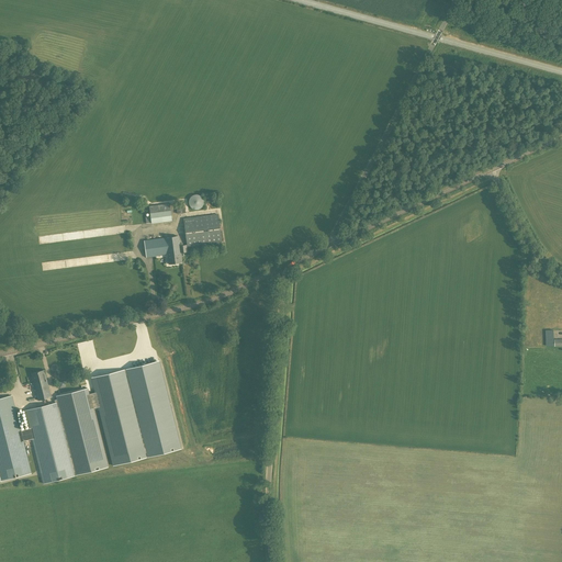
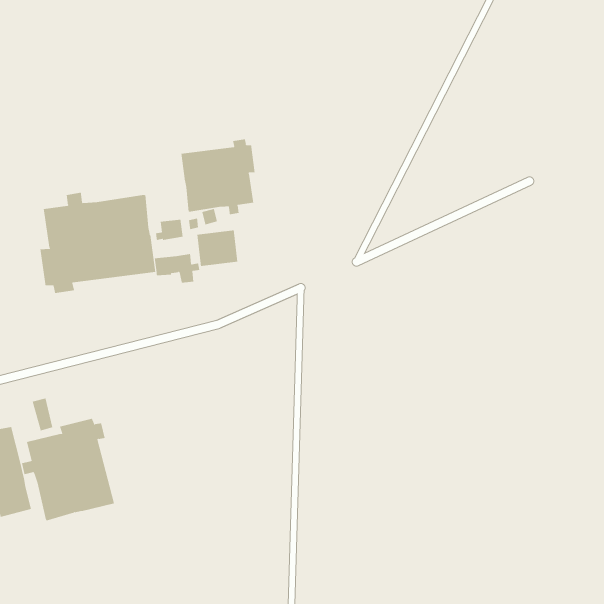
building: none -> [181,139,255,215]
building: none -> [40,192,156,294]
building: [90,360,179,464] -> none

